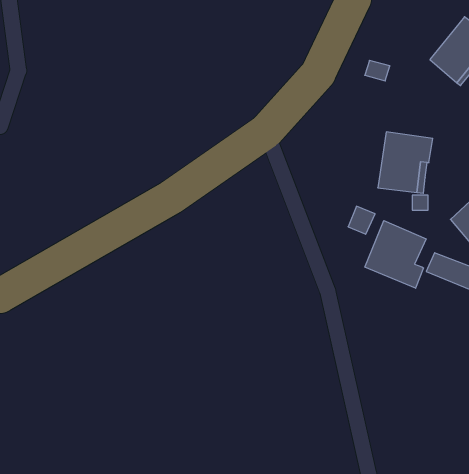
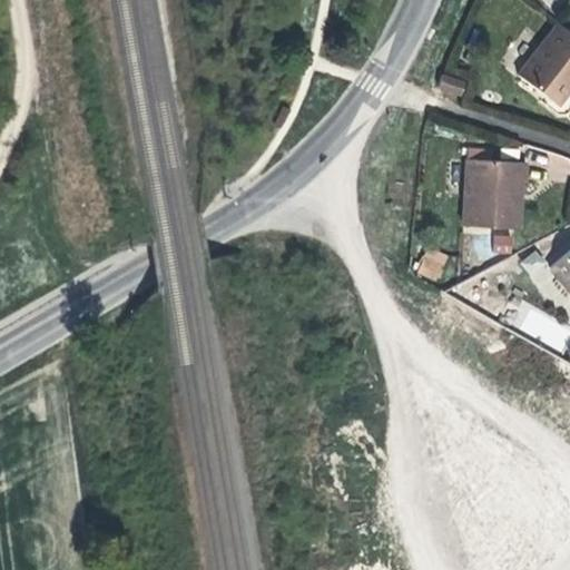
building: [365,221,426,288] -> none

